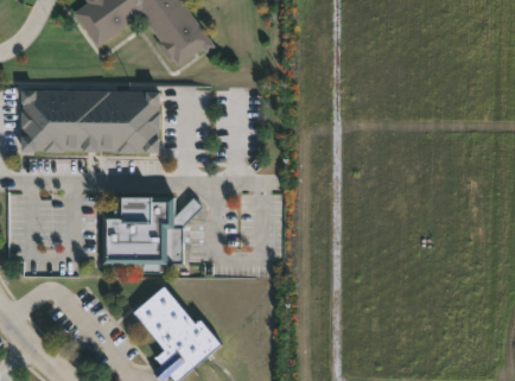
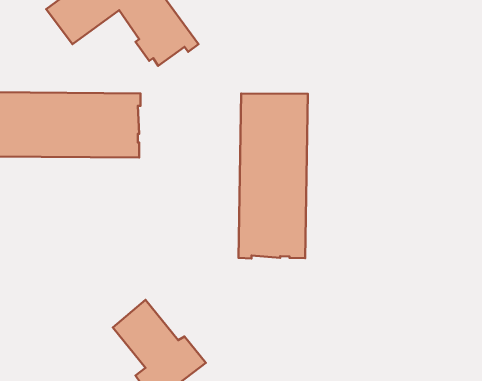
building: none -> [238,94,308,258]
building: [102,197,203,273] -> none

